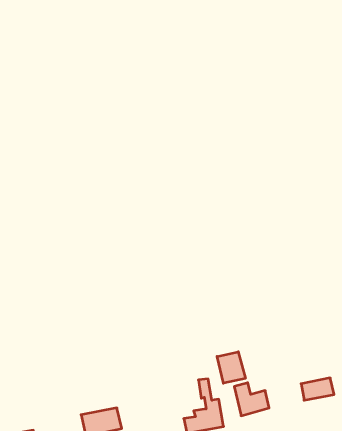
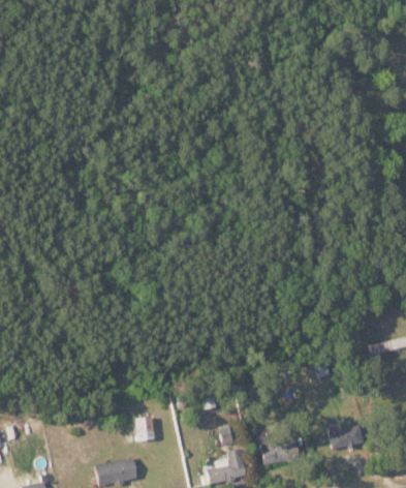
building: [217,352,245,383] -> none
building: none -> [135,417,154,440]

